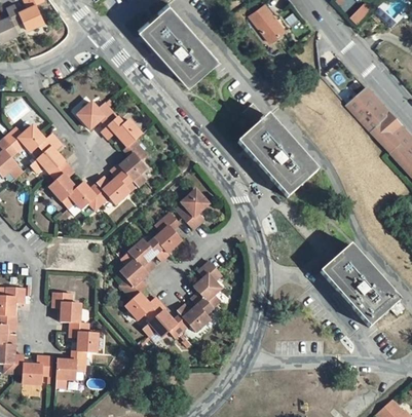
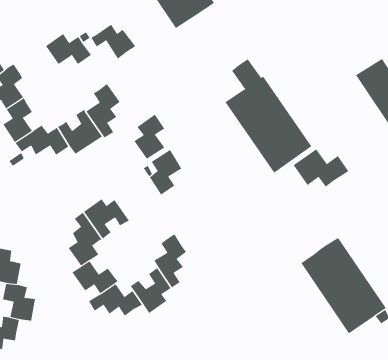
building: [102,116,142,146] -> [91,24,136,59]
building: none -> [293,149,349,188]
building: [154,212,182,252] -> [134,114,165,160]

